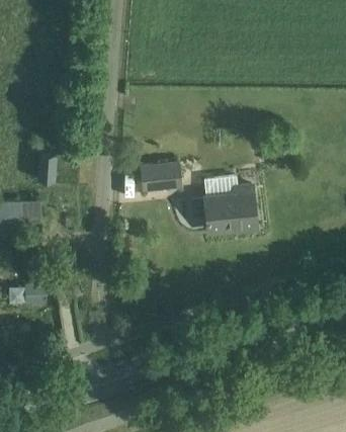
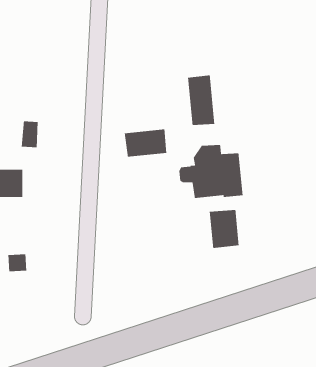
building: none -> [187,75,215,126]
building: none -> [209,209,240,249]

